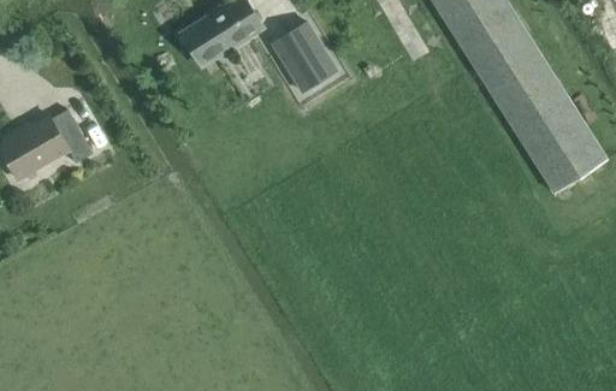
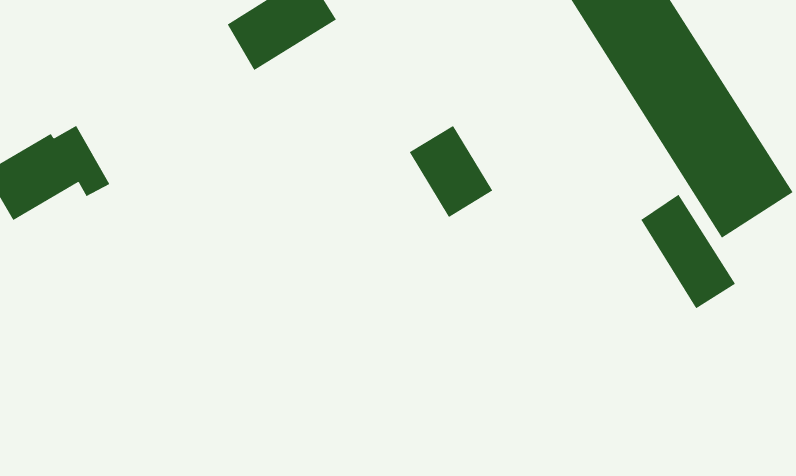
building: [272,22,336,91] -> [409,125,493,218]
building: none -> [640,194,736,309]

